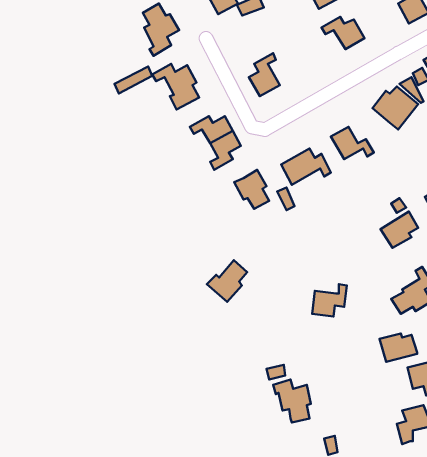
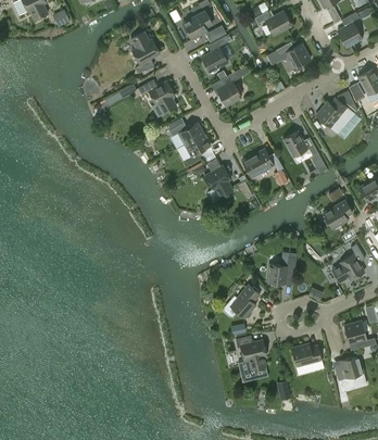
building: none -> [201,38,227,73]
building: [207,260,247,302] -> [227,285,260,318]
building: [379,334,417,362] -> [291,344,322,367]

